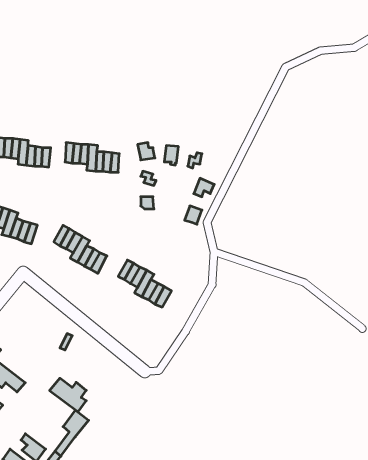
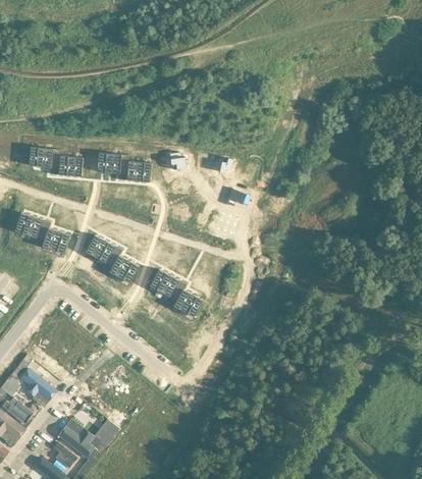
building: [50,378,86,412] -> [57,424,94,458]

